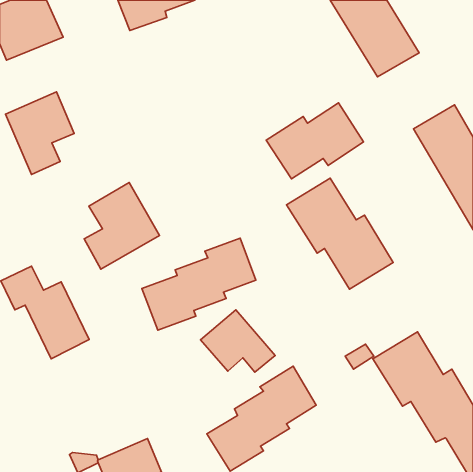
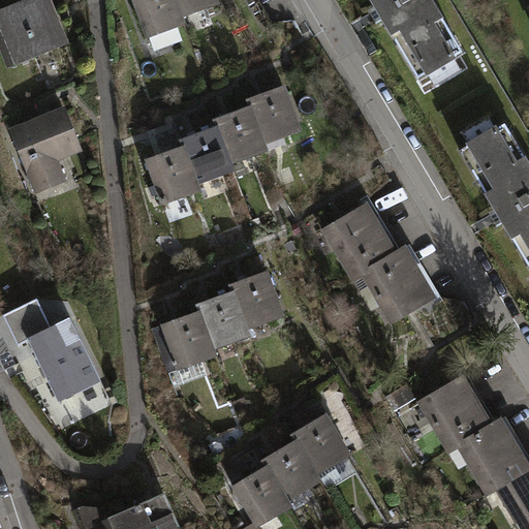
building: none -> [144,82,304,205]
building: [266,103,364,179] -> none
building: [84,182,160,269] -> none
building: [200,310,275,372] -> none

